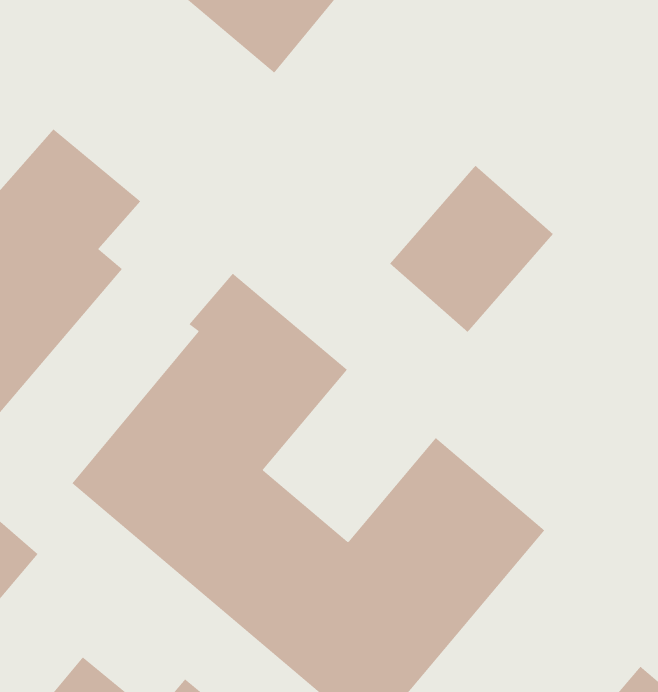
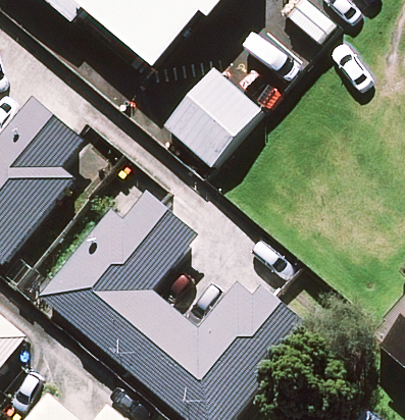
building: [389,165,554,333] -> [165,70,257,164]

